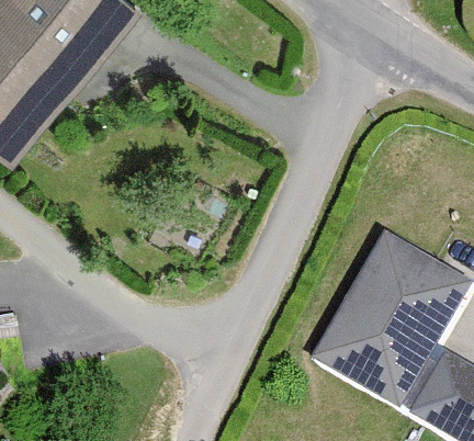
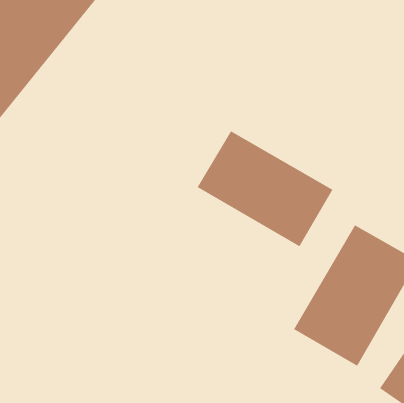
building: none -> [197,131,333,247]

